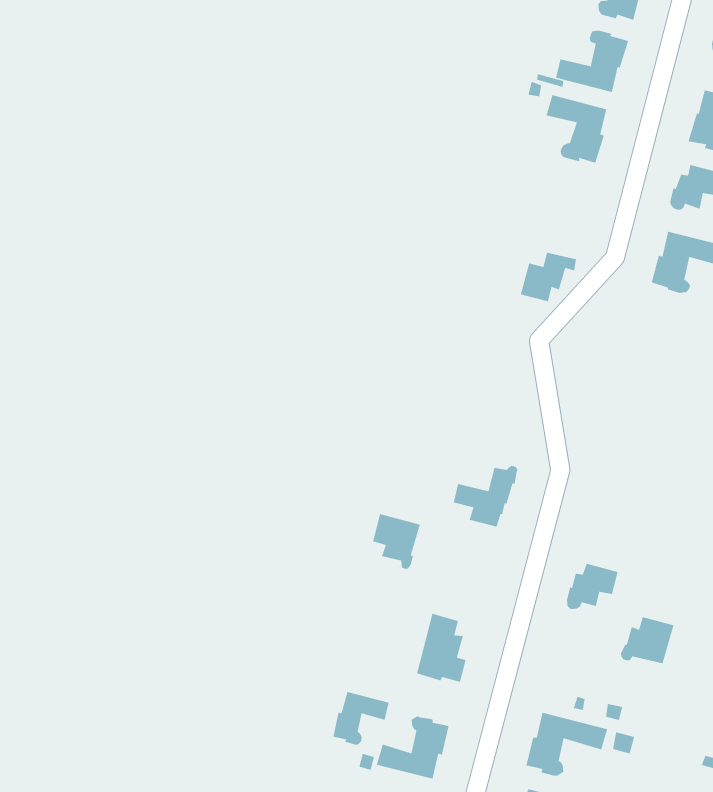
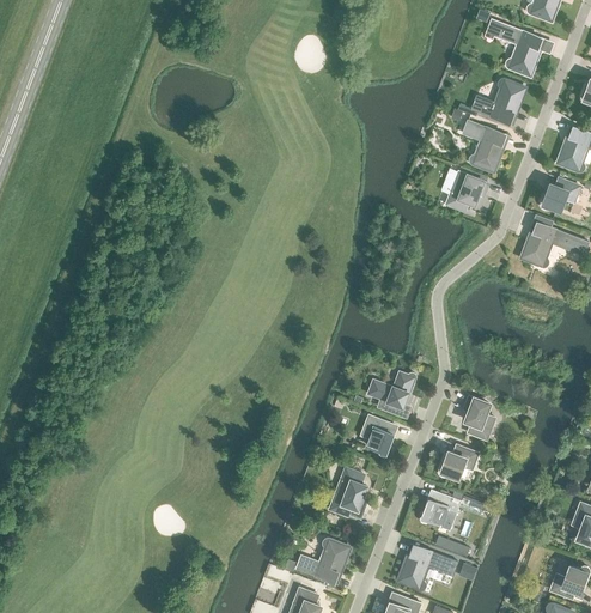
building: [520,252,577,302] -> [446,175,488,210]
building: none -> [465,395,494,438]
building: [372,513,421,569] -> [361,414,396,455]
building: [620,616,674,664] -> [420,492,459,527]
building: [333,691,389,745] -> none

